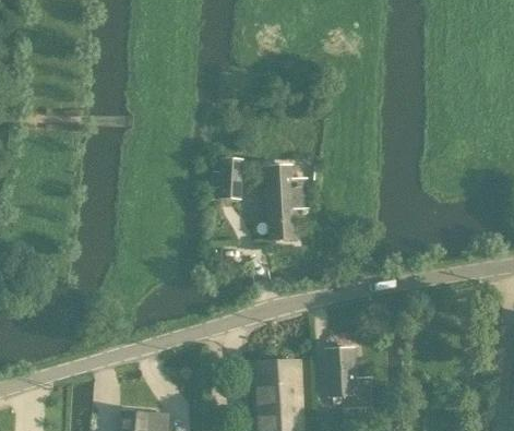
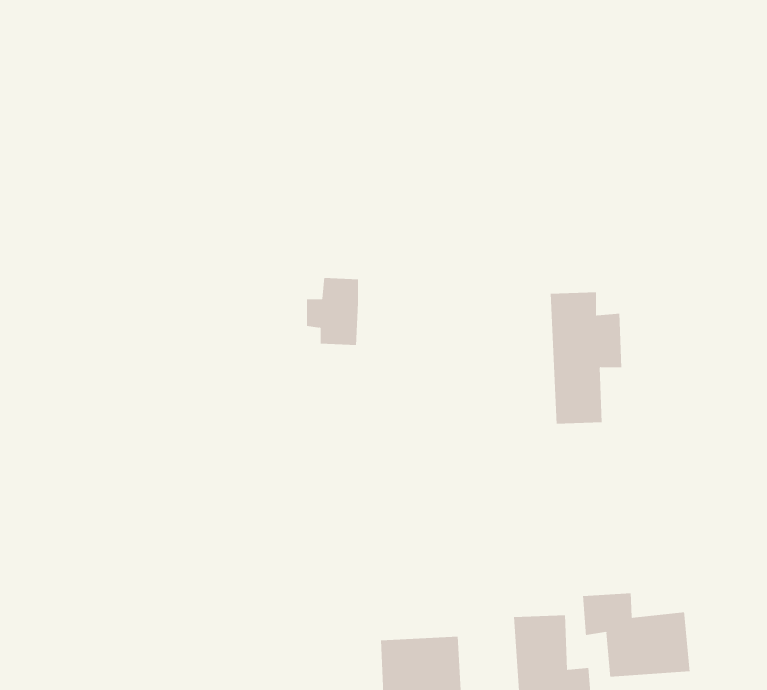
building: [268,166,309,240] -> [550,292,622,424]
building: none -> [582,593,690,677]

